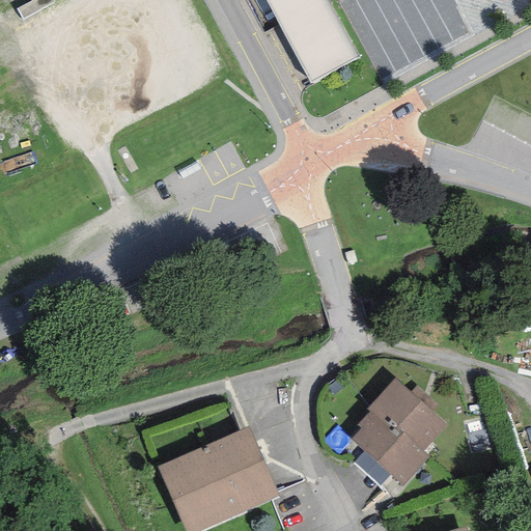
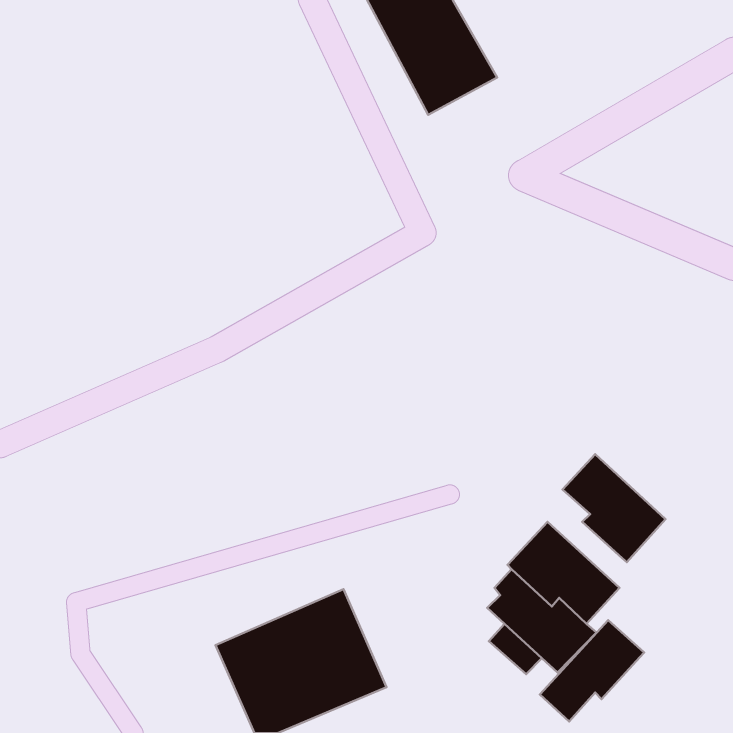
building: none -> [563,454,666,562]
building: none -> [540,620,644,721]

